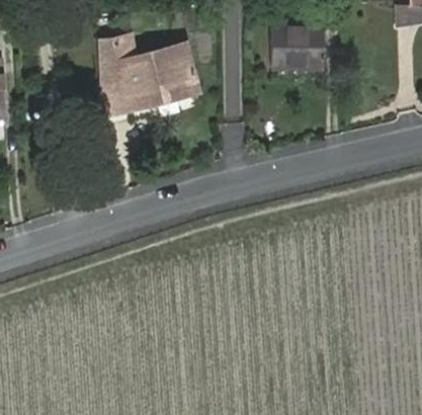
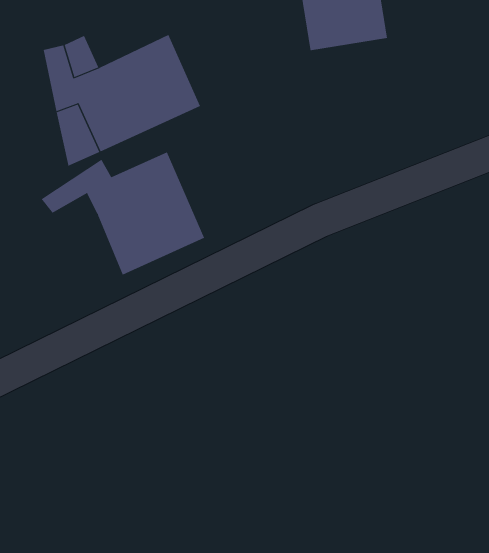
building: none -> [41,152,205,275]

